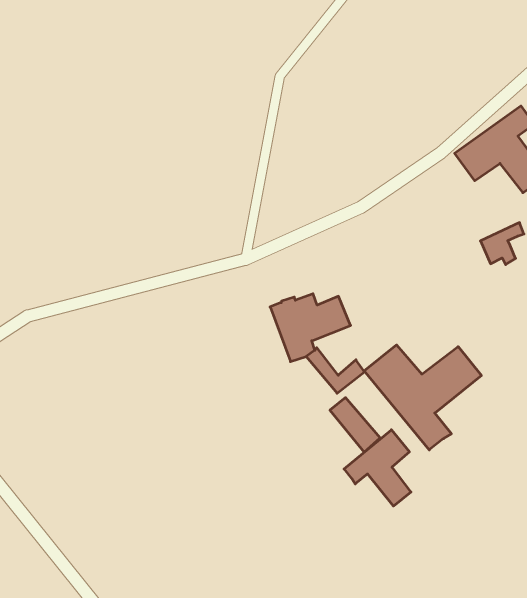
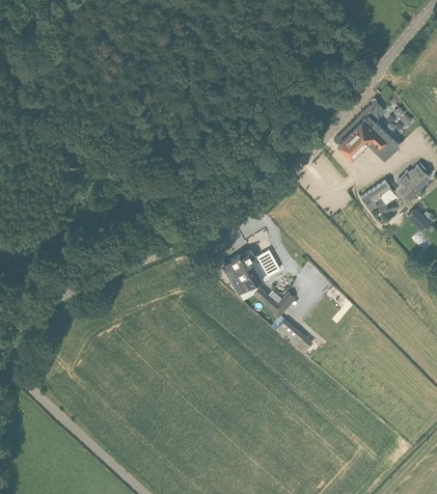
building: [364,345,481,450] -> none
building: [344,430,411,506] -> none

